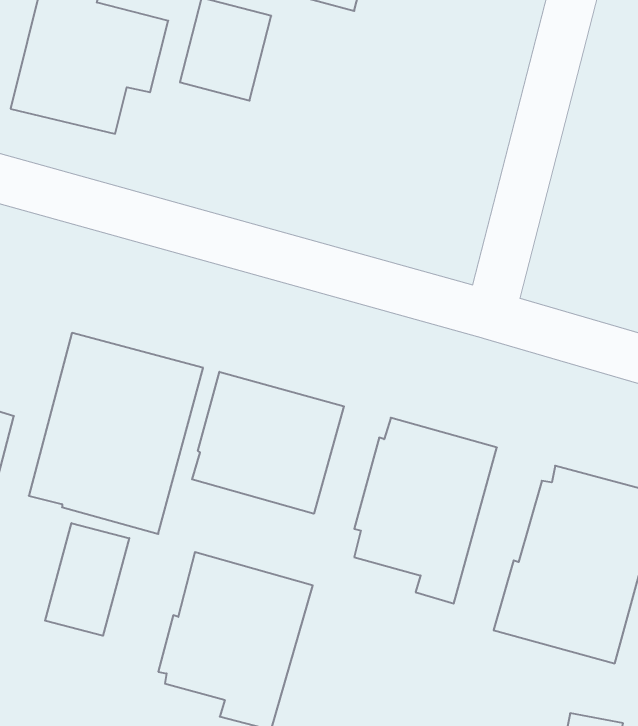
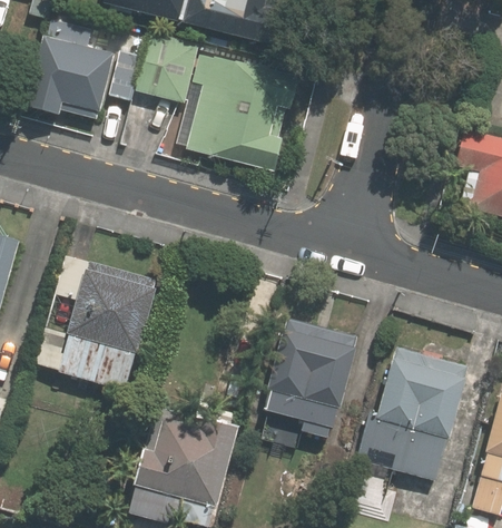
building: none -> [189,51,299,170]
building: [192,372,344,514] -> none
building: [45,523,129,636] -> none

